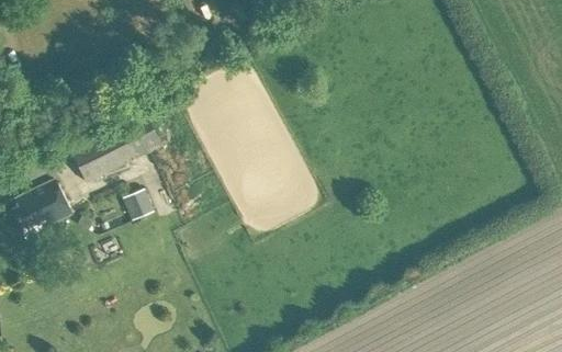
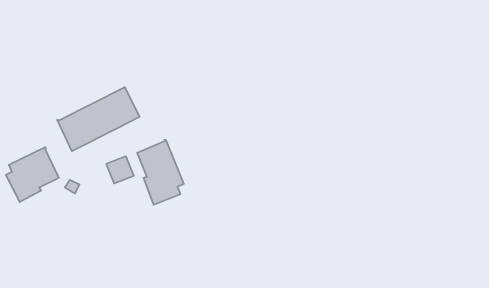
building: none -> [137,140,184,205]

